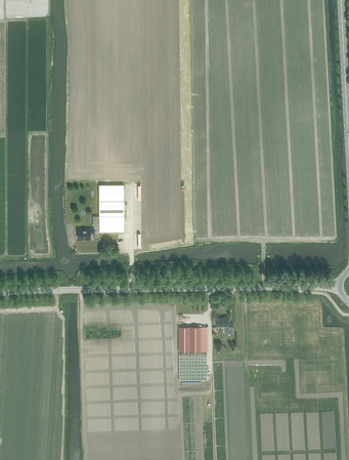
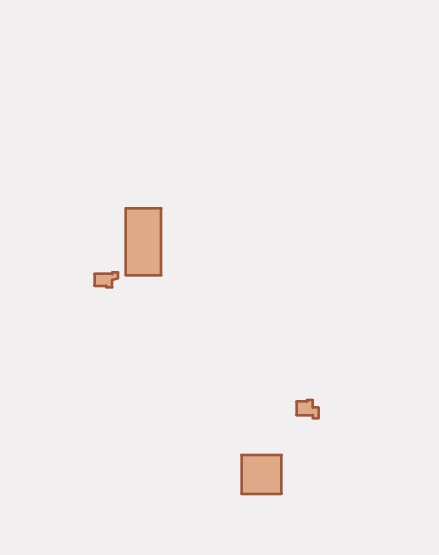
building: [179,328,201,352] -> none

